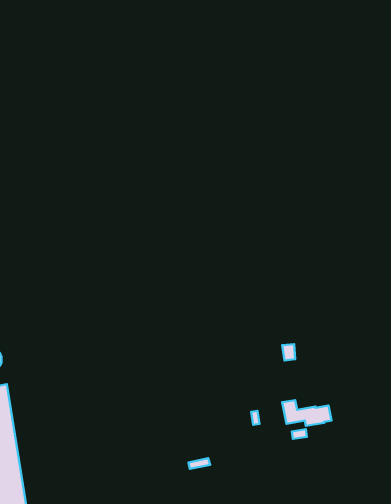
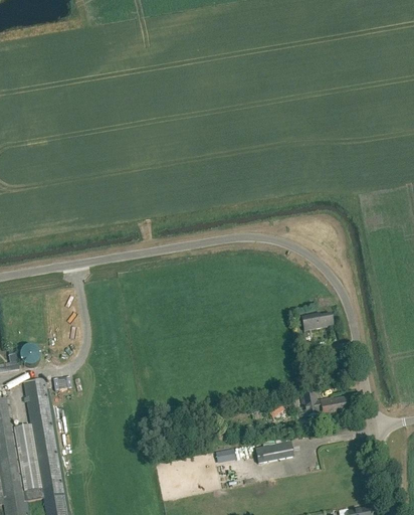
building: none -> [300,311,334,329]
building: none -> [255,441,292,462]

